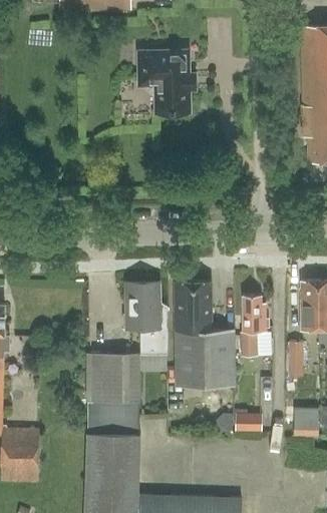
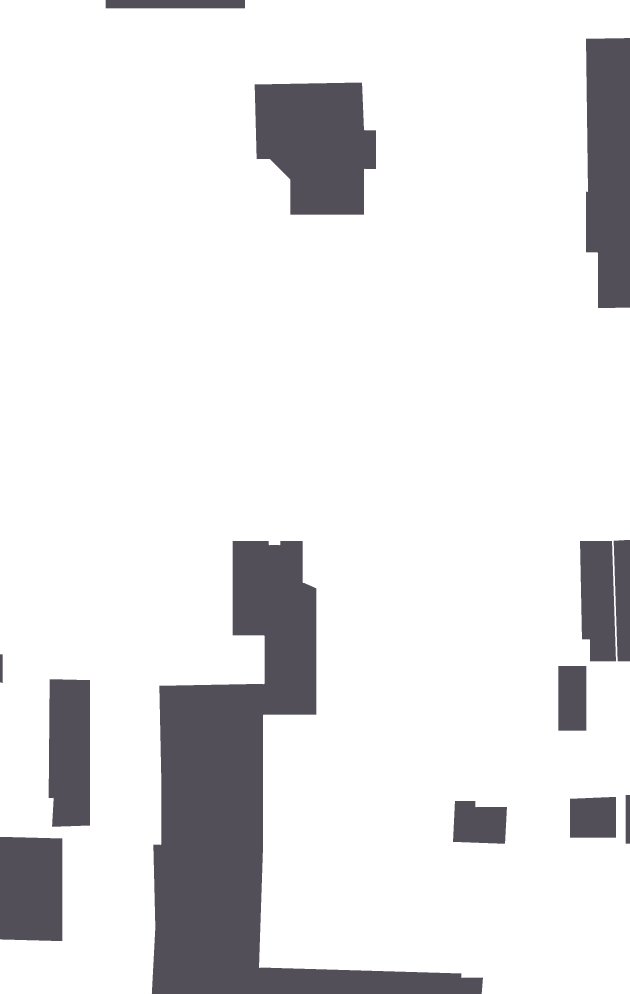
building: [174,281,234,386] -> none
building: [240,295,269,357] -> none
building: none -> [48,678,90,827]

